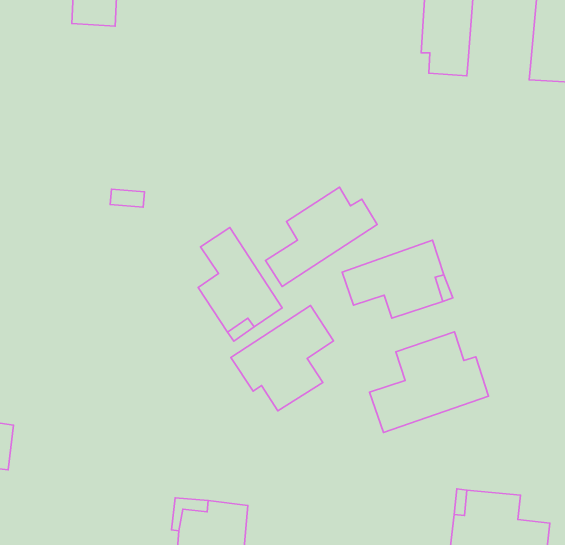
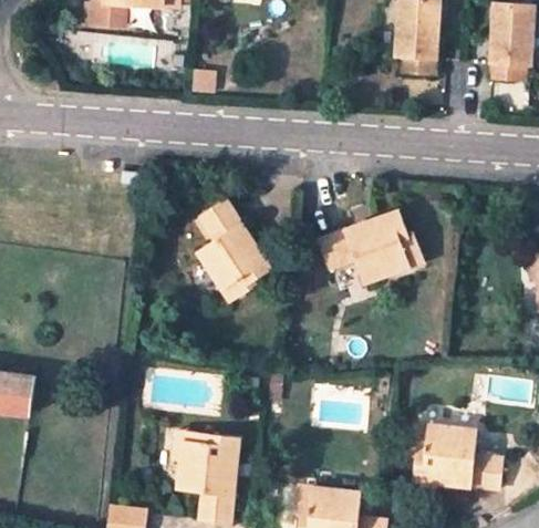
building: [266,187,377,286] -> none
building: [231,306,333,411] -> none
building: [370,332,489,433] -> none

